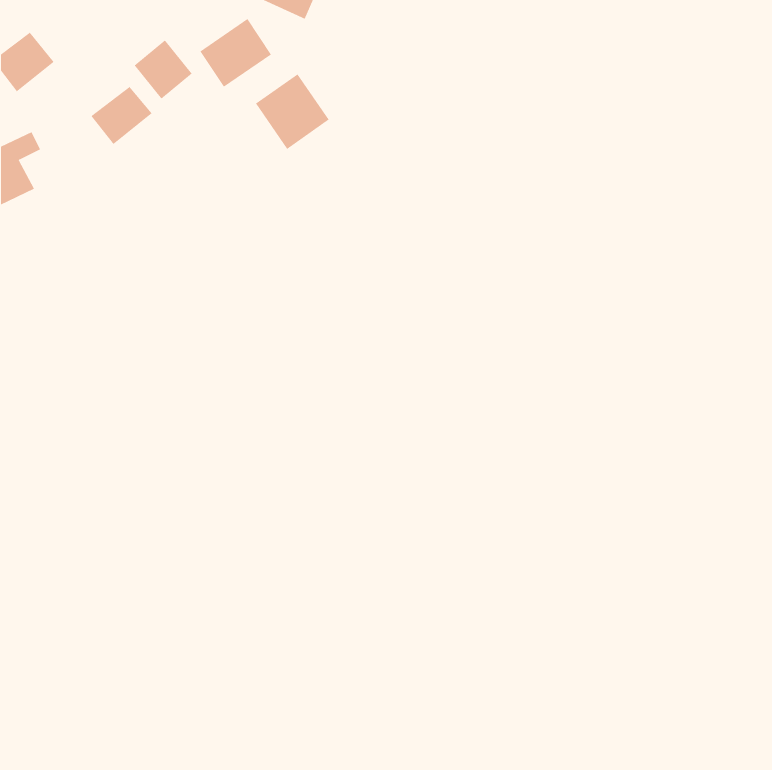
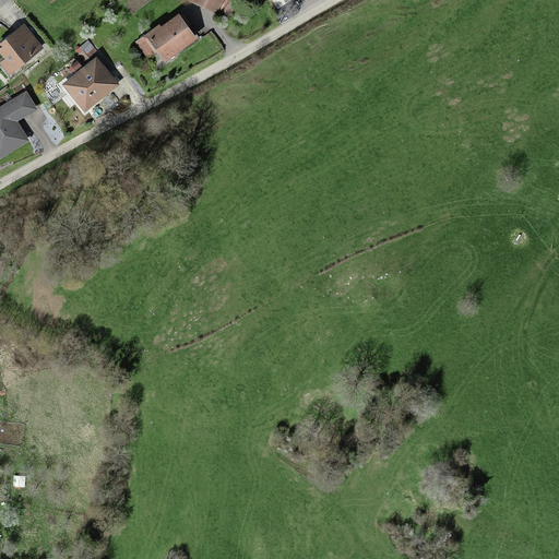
building: [134,40,193,100] -> none
building: [255,73,329,150] -> none

